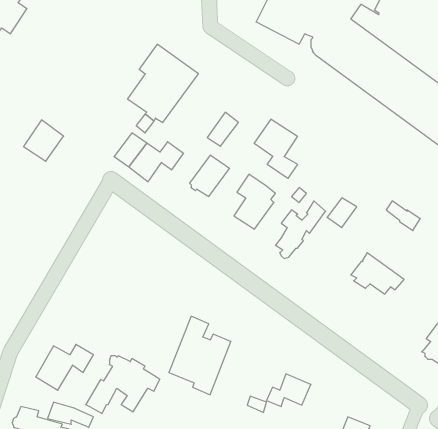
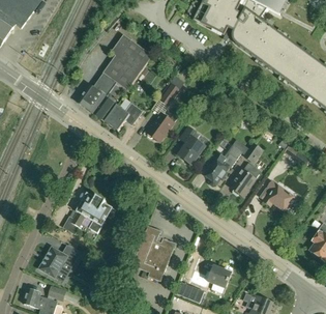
building: [254,119,297,178] -> none
building: [24,120,64,161] -> [78,83,106,112]
building: none -> [231,162,261,194]
building: [86,356,160,413] -> [64,193,116,233]

